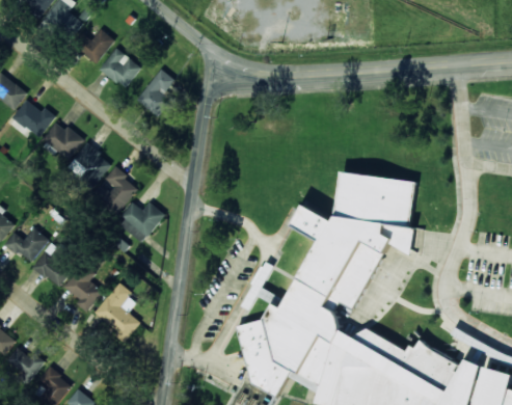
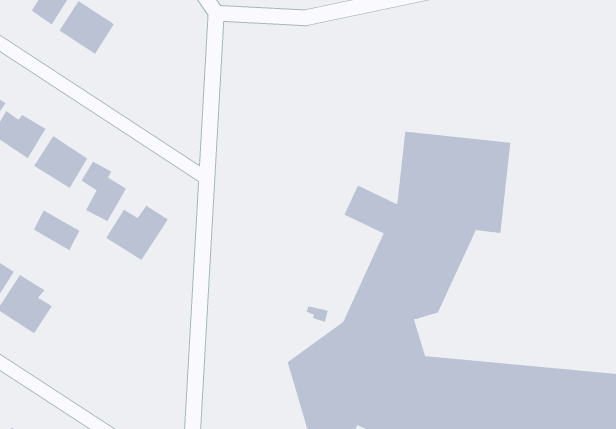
building: [135,70,173,117] -> none
building: none -> [33,210,80,251]
building: [63,265,102,312] -> none
building: [92,282,139,341] -> none

